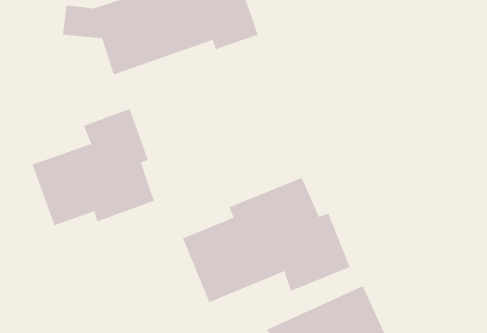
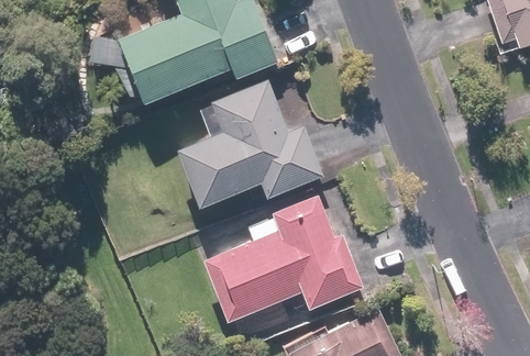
building: none -> [175,81,323,208]
building: [32,108,155,226] -> none

